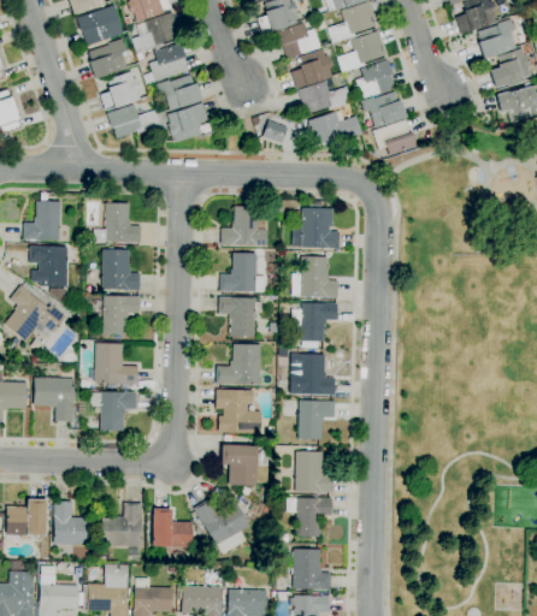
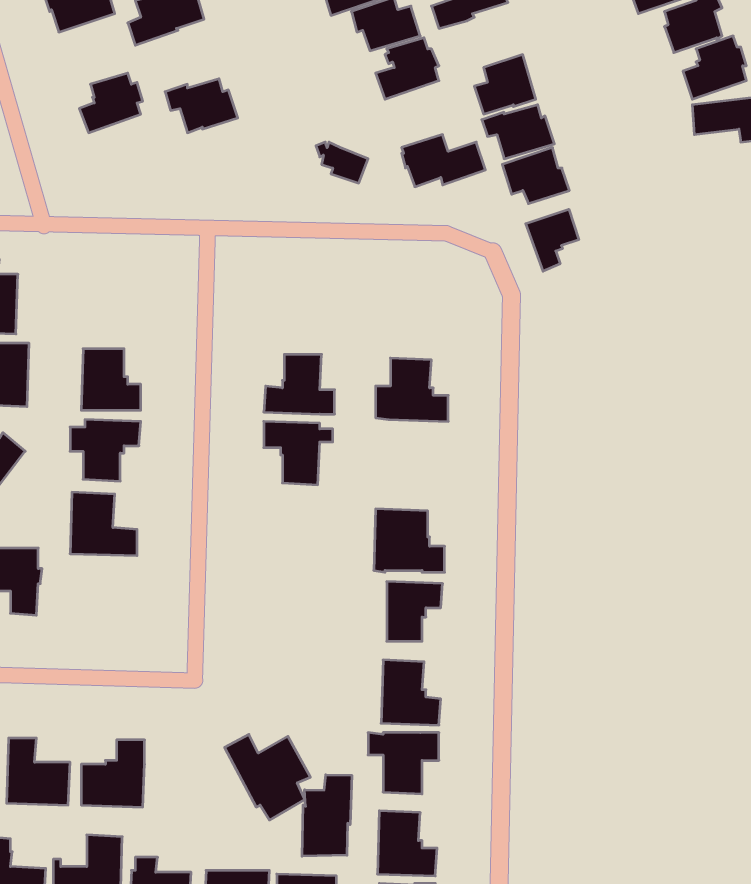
building: [337,30,386,73] -> none
building: [89,38,125,79] -> none
building: [144,42,188,84] -> none
building: [299,82,352,114] -> none
building: [166,103,208,143] -> none
building: [106,105,160,140] -> none
building: none -> [526,209,579,271]
building: [301,201,340,249] -> none
building: [93,203,141,243] -> none
building: [222,206,266,245] -> none
building: [290,303,337,342] -> none
building: [217,344,261,385] -> none
building: [216,390,261,434] -> none
building: [90,392,137,432] -> none
building: [220,445,258,487] -> none
building: [152,509,191,547] -> none
building: none -> [302,775,352,856]

